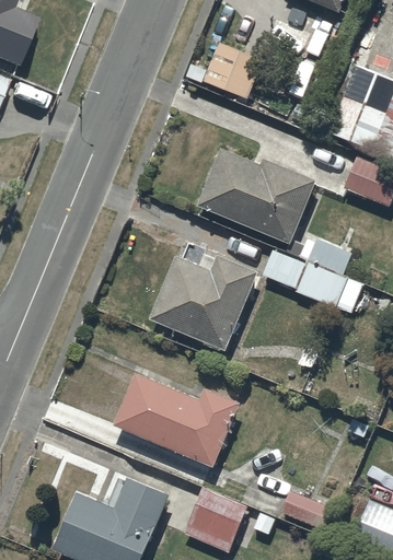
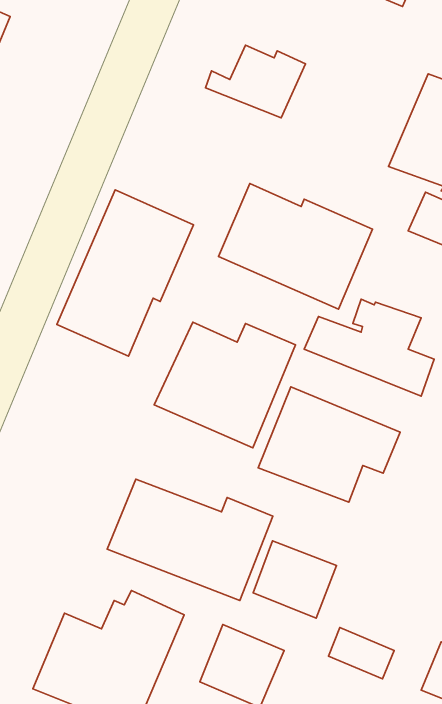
building: none -> [57,190,193,356]
building: none -> [258,387,400,502]
building: none -> [253,541,337,618]

